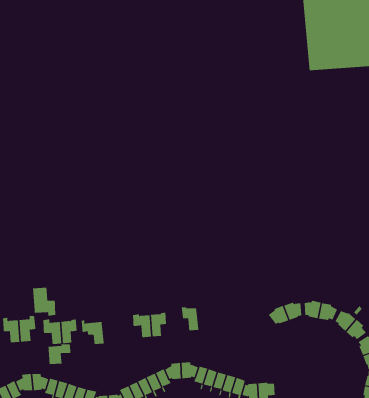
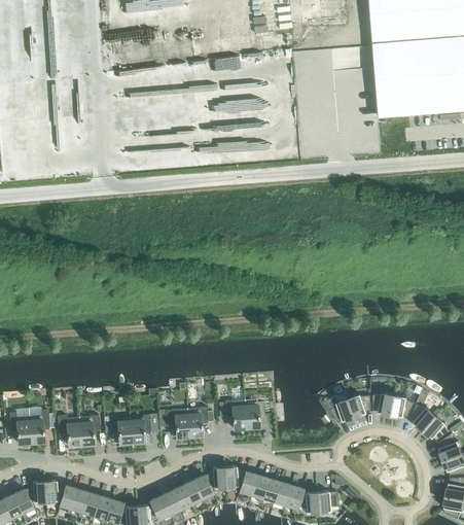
building: [33,287,56,317] -> none
building: none -> [244,399,271,430]
building: none -> [130,415,151,447]
building: [48,343,71,365] -> none

